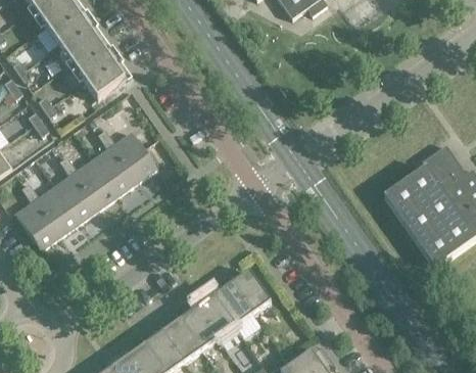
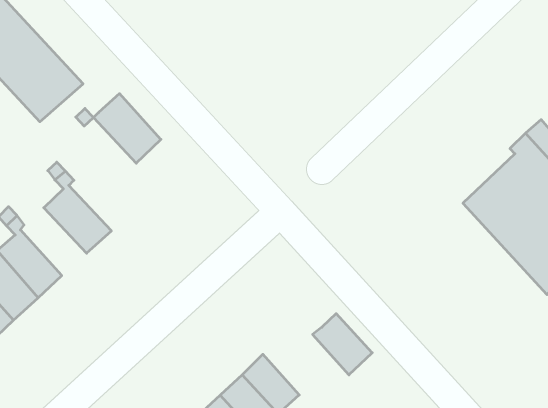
building: [111,132,156,182] -> [93,94,161,163]
building: [74,159,117,208] -> none
building: [231,270,271,314] -> [313,314,372,375]

